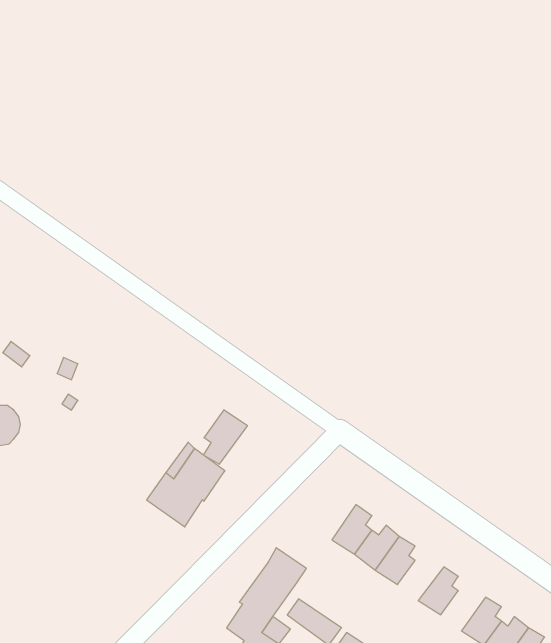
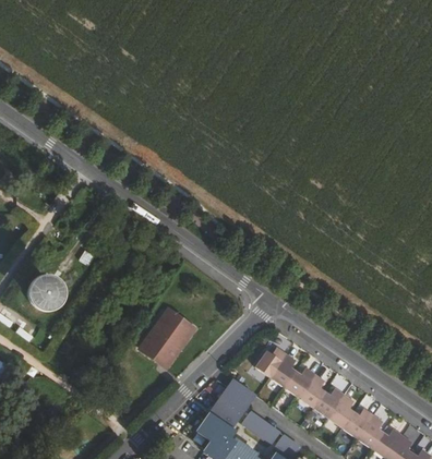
building: [203,410,247,464] -> none
building: none -> [253,343,285,374]
building: none -> [313,385,345,415]
building: none -> [343,406,373,436]

